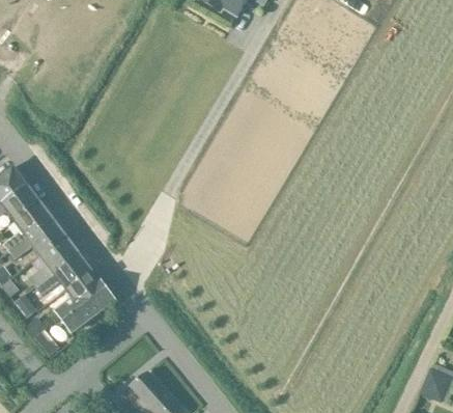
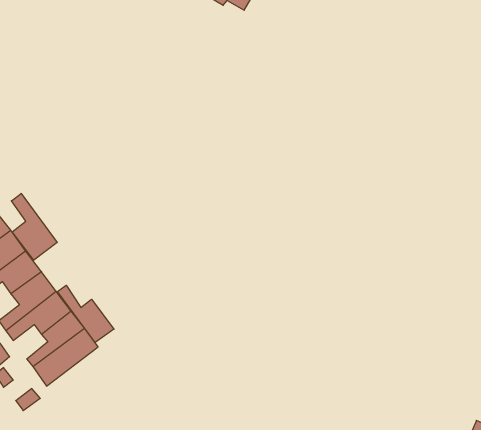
building: none -> [11,193,57,260]
building: none -> [57,285,114,343]

